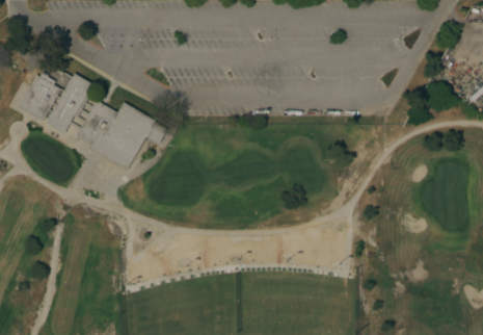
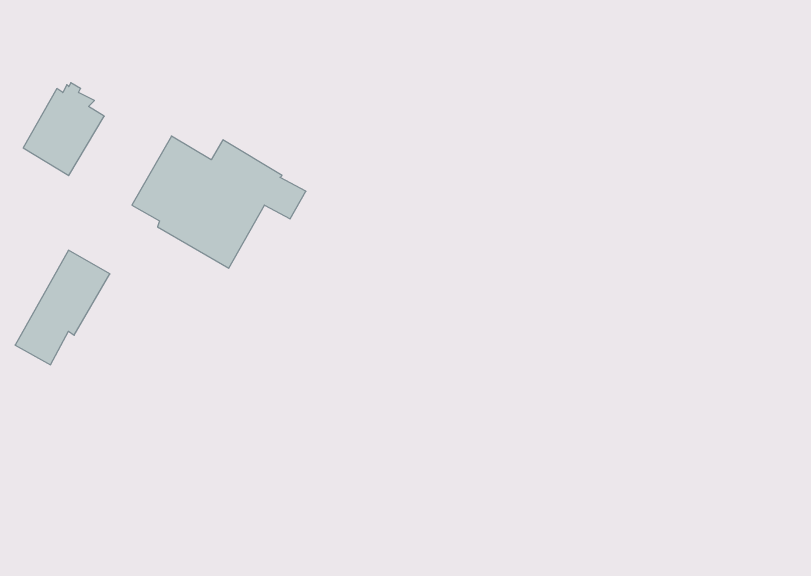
building: [45,73,95,133] -> [15,250,110,365]

